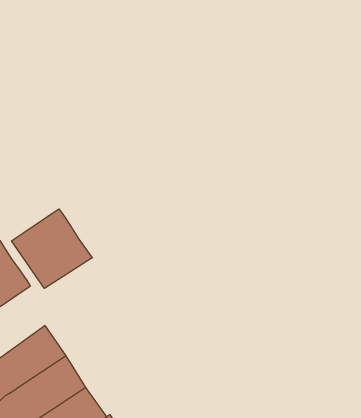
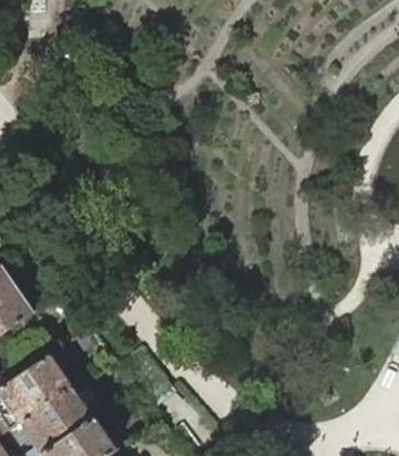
building: [12,209,92,288] -> none

